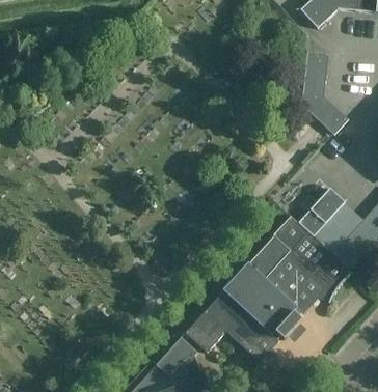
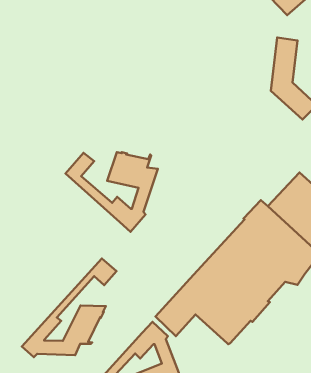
building: none -> [65,152,158,232]
building: none -> [22,259,116,357]

